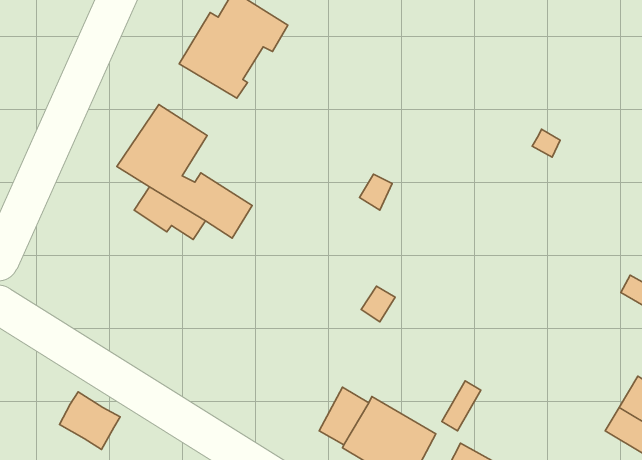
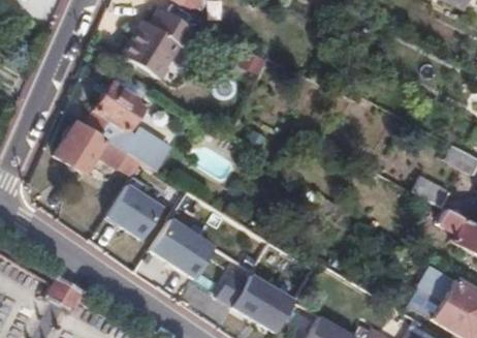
building: none -> [57,120,106,172]
building: none -> [106,175,163,239]
building: none -> [151,218,214,277]

